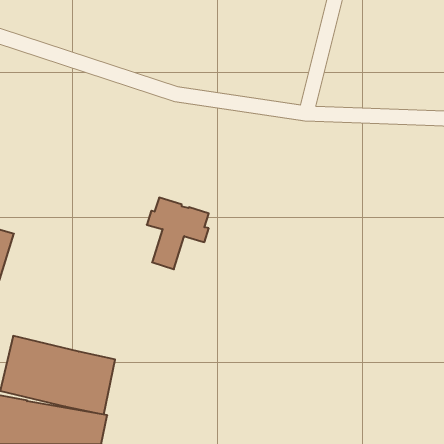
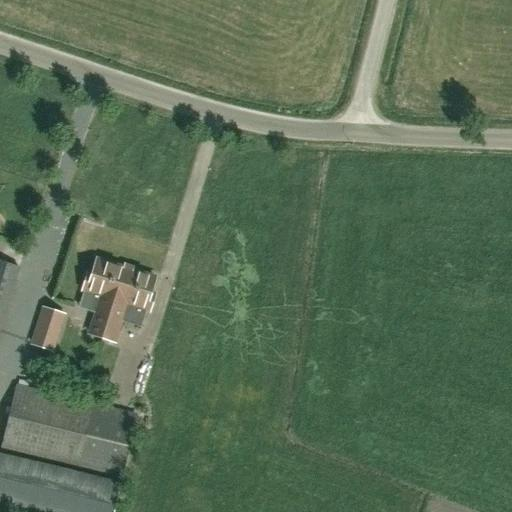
building: [147,198,209,269] -> [81,258,152,340]
building: none -> [30,308,59,349]

